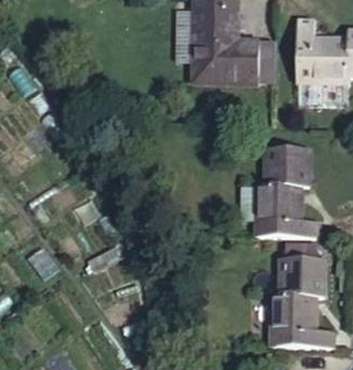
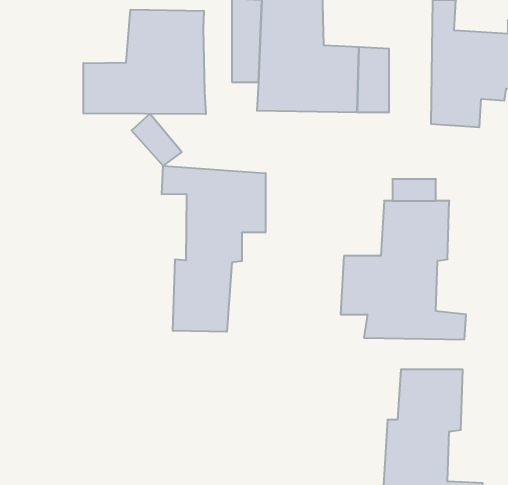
building: none -> [83,10,206,114]
building: none -> [162,166,266,332]

